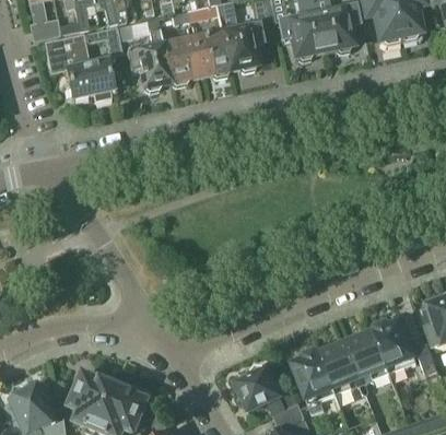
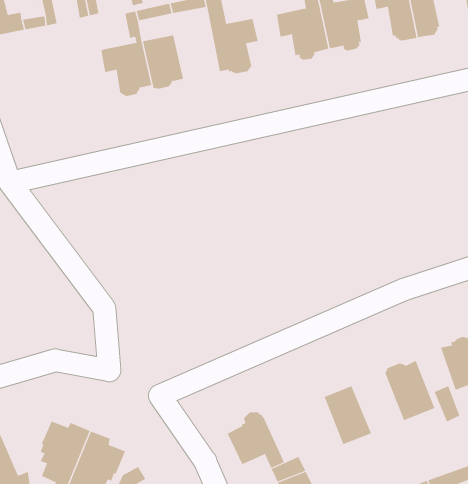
building: [44,25,122,99] -> none
building: [193,31,228,77] -> none
building: [348,330,388,381] -> none
building: [292,349,336,412] -> none

